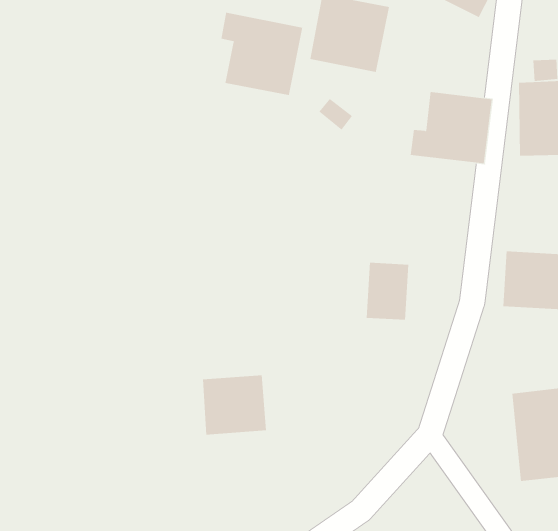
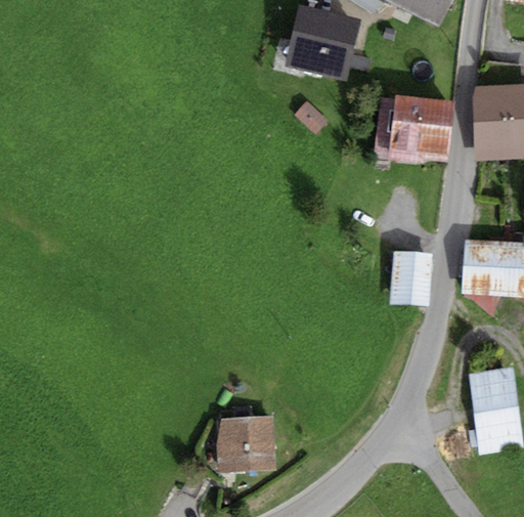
building: [221,12,303,96] -> none
building: [366,262,409,320] -> [390,249,430,302]
building: [202,375,267,435] -> [217,419,276,474]

